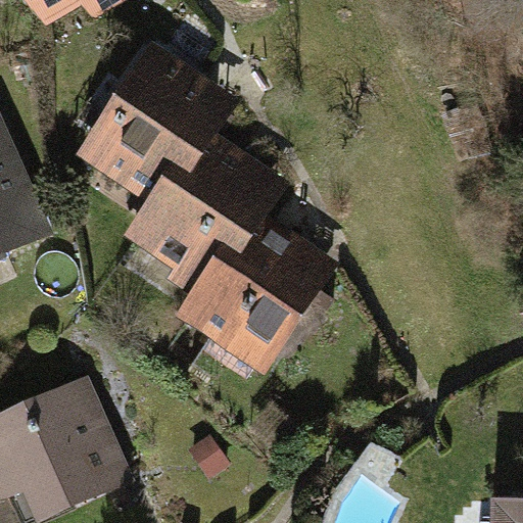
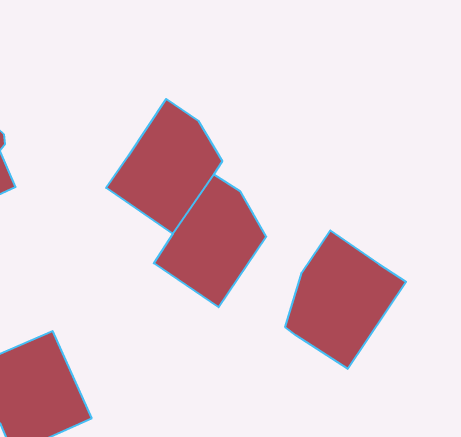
building: [94,57,216,198] -> none
building: none -> [285,230,406,369]

